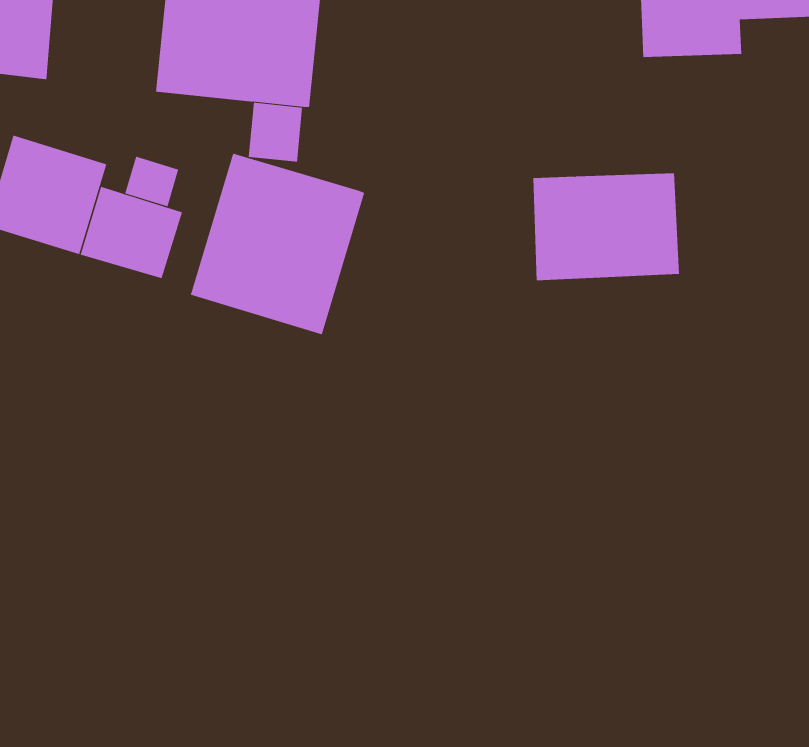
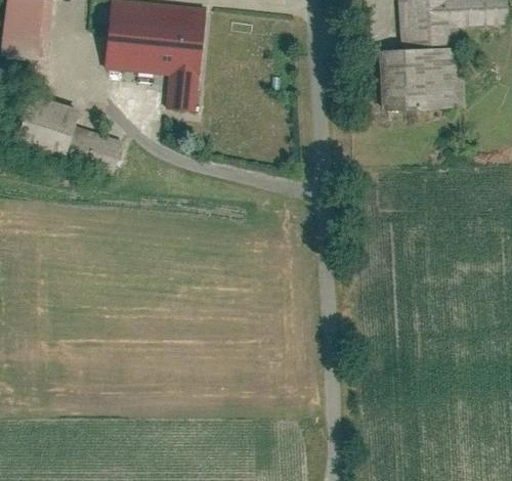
building: [190,153,365,335] -> none
building: [125,156,179,207] -> none
building: [532,173,680,281] -> [375,46,463,111]

